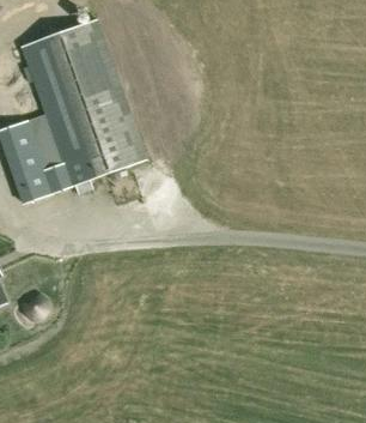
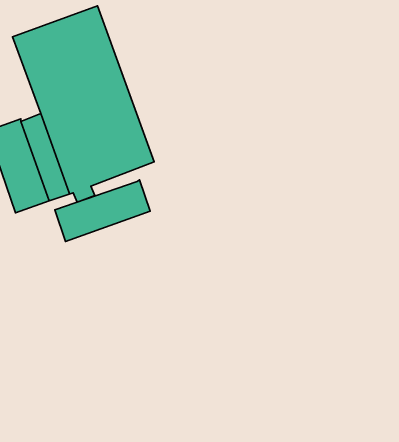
building: none -> [55,180,150,241]

